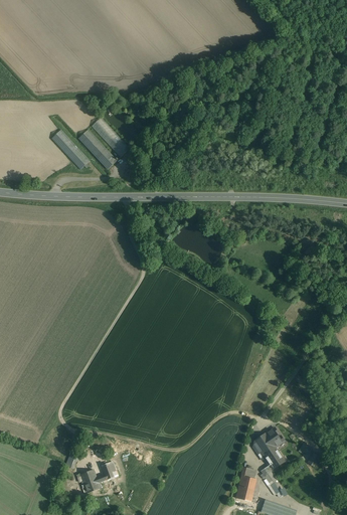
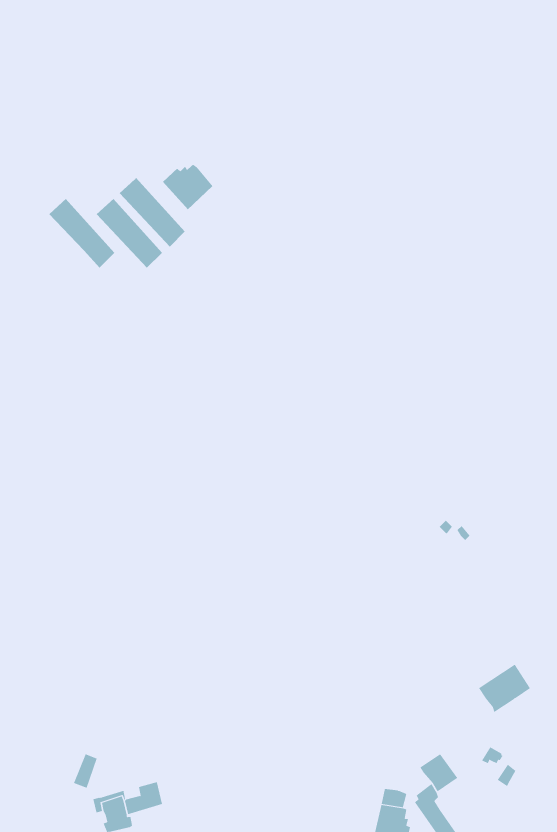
building: none -> [162,164,213,210]
building: [253,426,284,455] -> [478,664,531,713]

